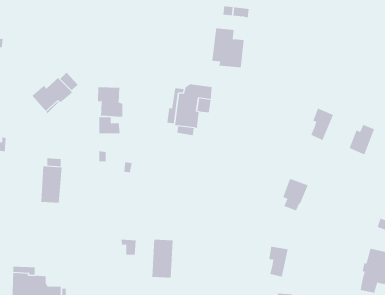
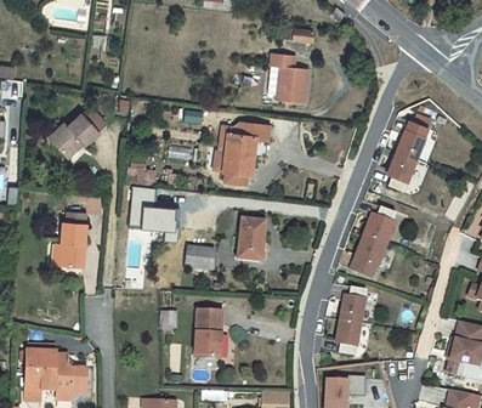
building: [98,87,123,118] -> none
building: [349,124,375,155] -> [396,121,427,159]
building: none -> [362,206,395,244]
building: none -> [237,217,265,260]
building: none -> [185,245,214,268]
building: none -> [339,287,367,322]

